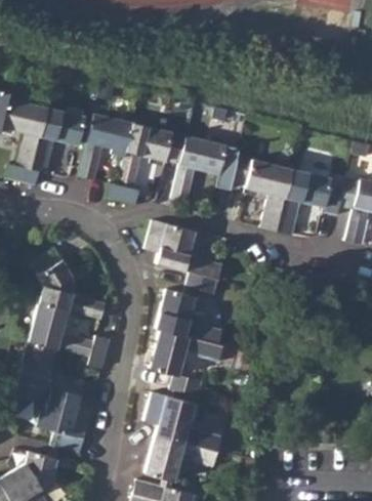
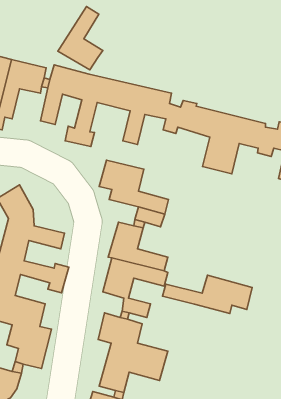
building: none -> [58,6,103,70]
building: none -> [162,275,252,314]

